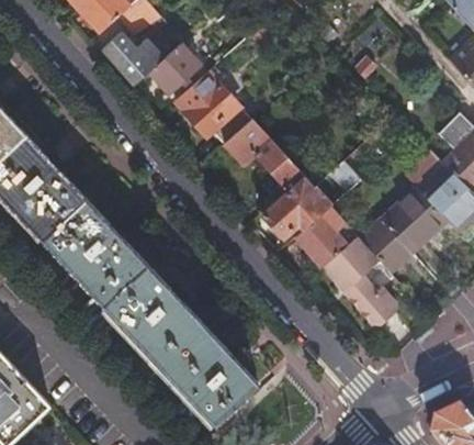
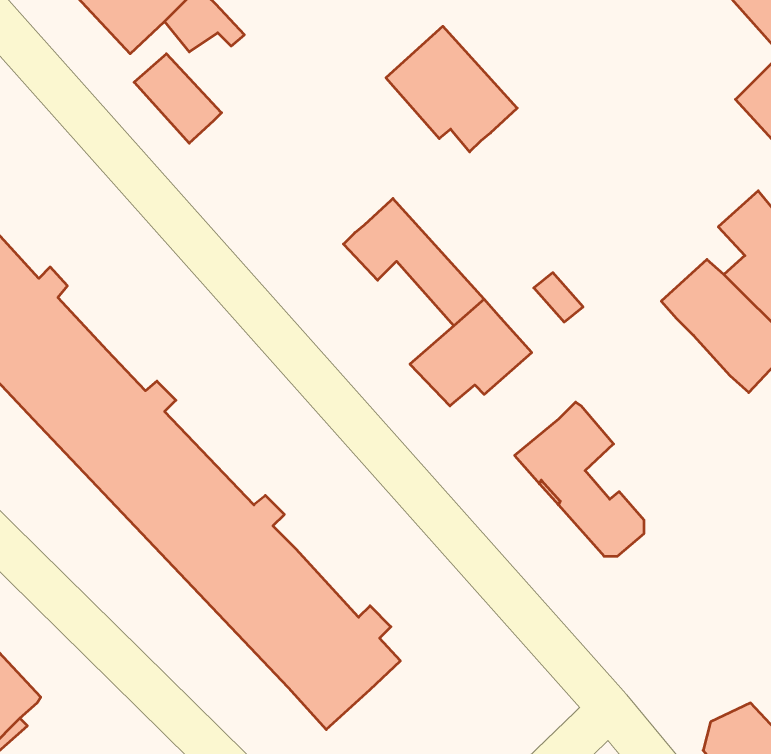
building: [149,44,201,93] -> none
building: [176,71,251,144] -> [386,26,517,152]
building: [361,187,447,271] -> none
building: [296,207,348,266] -> none

